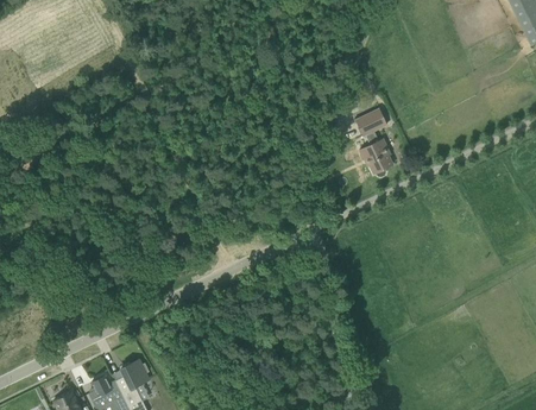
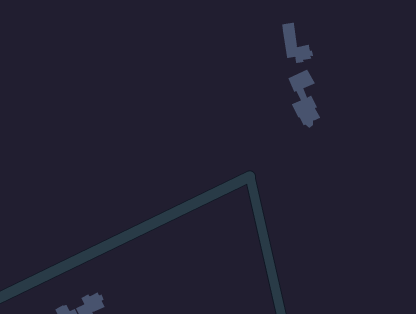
building: none -> [282,22,314,64]

